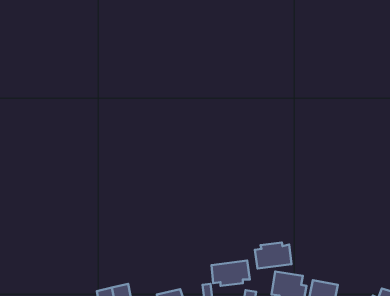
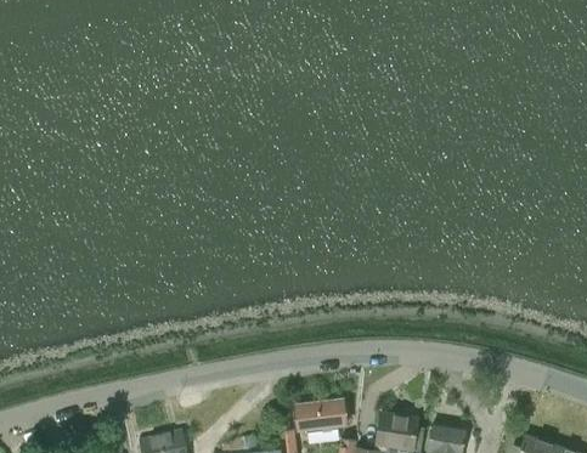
building: [255,243,291,268] -> none

